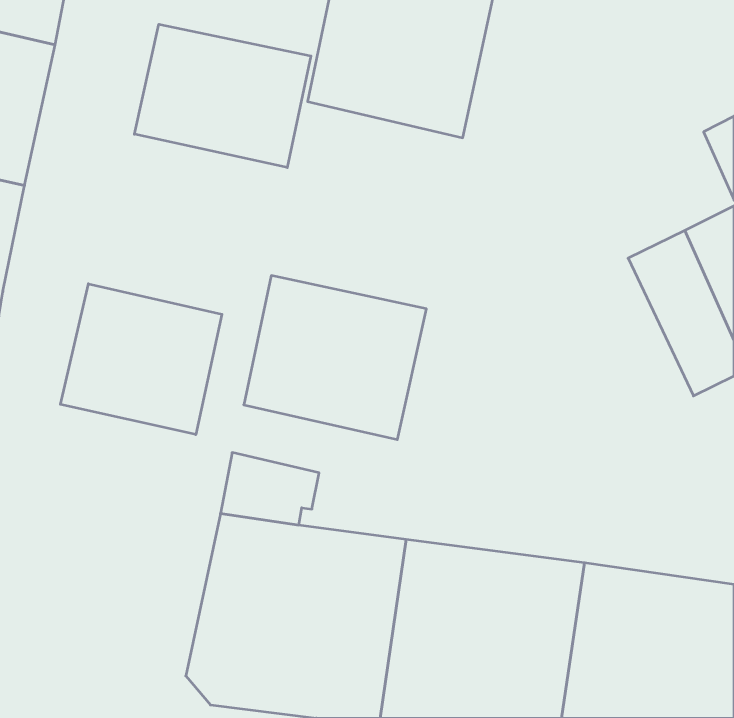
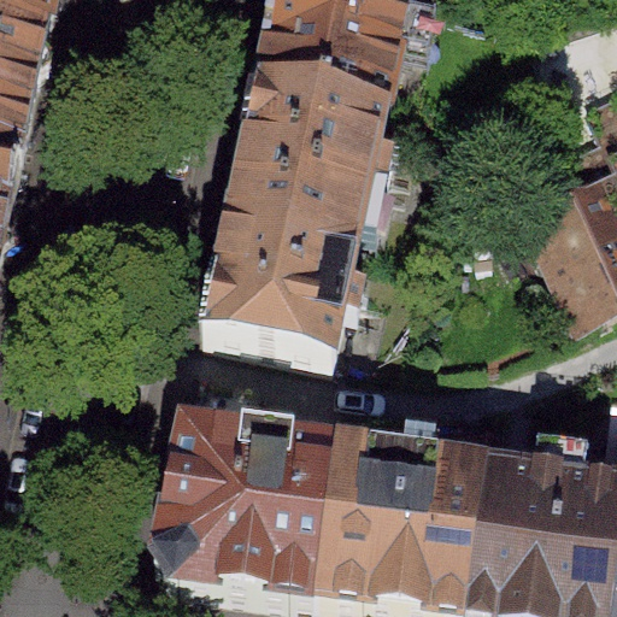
building: [134,24,311,168] -> none
building: none -> [225,84,384,257]
building: [60,284,222,435] -> none

